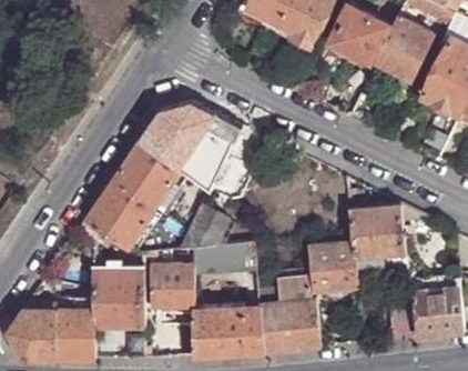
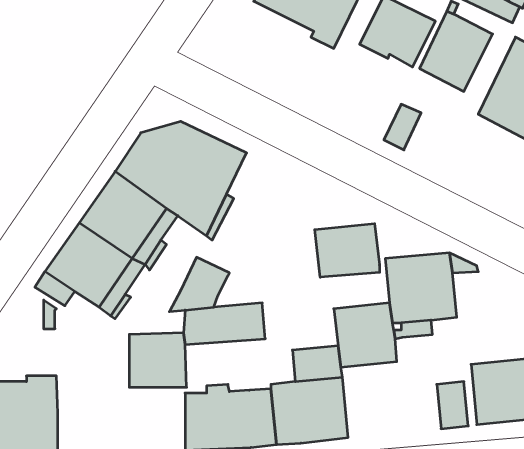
building: none -> [315,224,380,277]
building: [92,271,143,329] -> none

